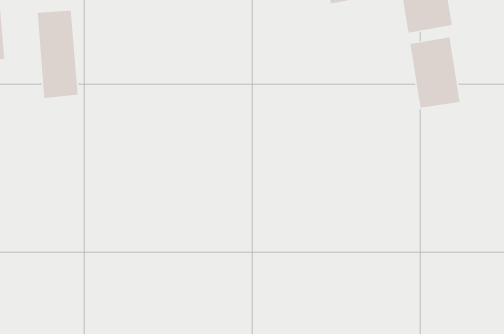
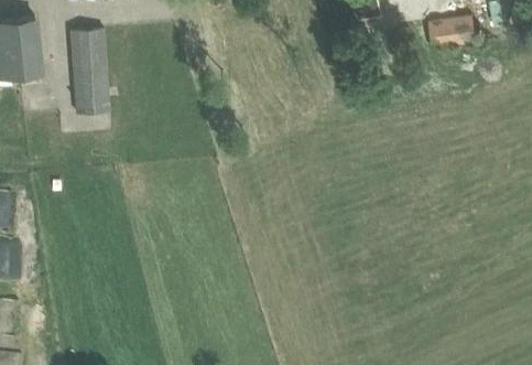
building: [410,37,460,108] -> none

